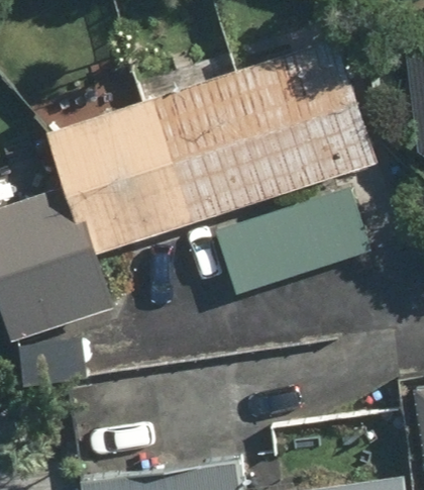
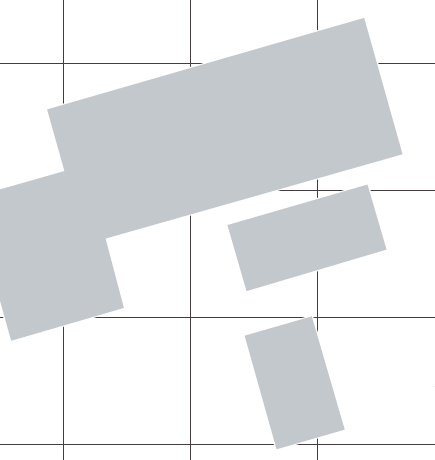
building: none -> [244,316,345,450]

